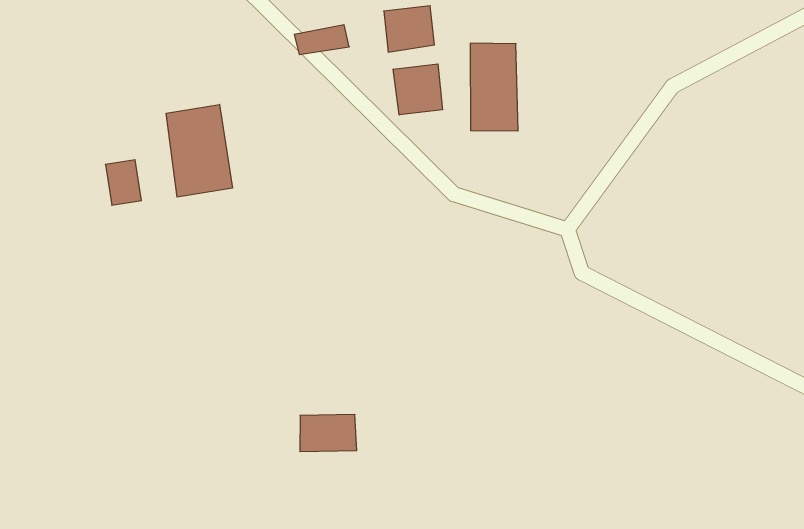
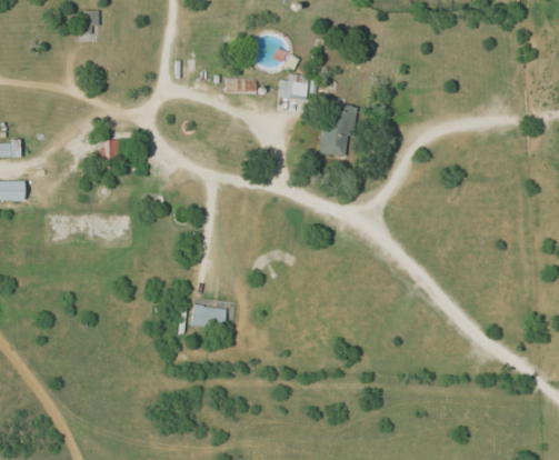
building: [393,64,442,115] -> none
building: [166,104,232,197] -> none

